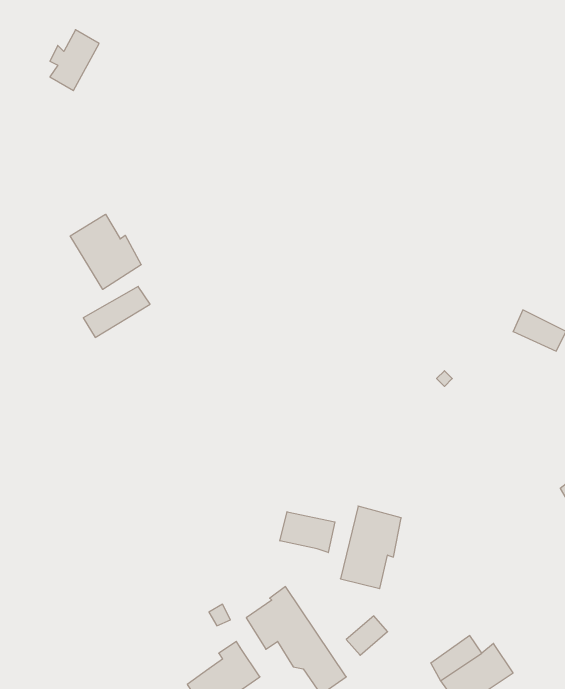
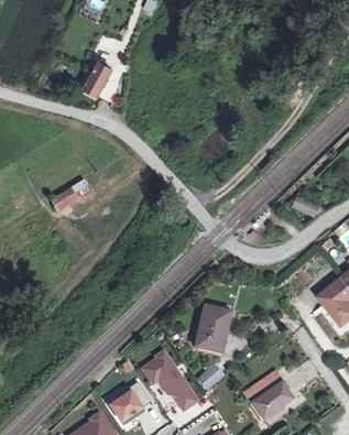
building: [50,30,99,91] -> [84,62,111,96]
building: [70,214,141,289] -> none
building: [280,512,335,553] -> none

